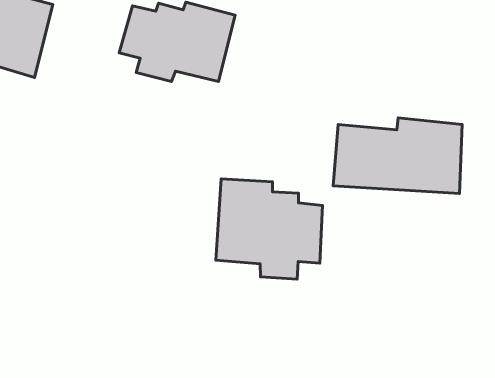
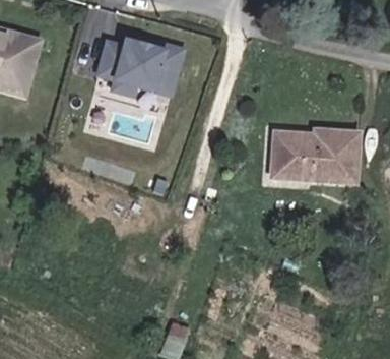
building: [216,179,322,279] -> none

